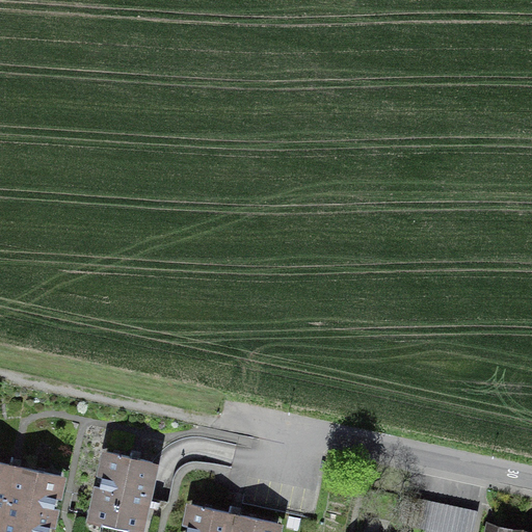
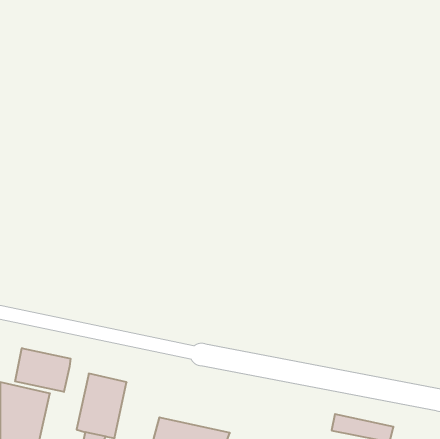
building: none -> [15,348,71,392]

